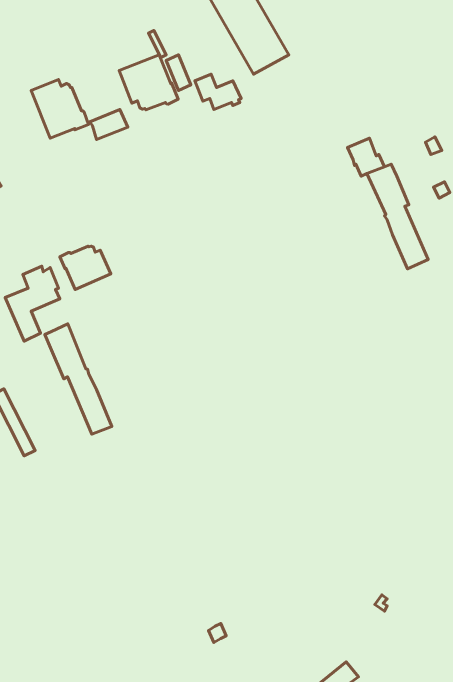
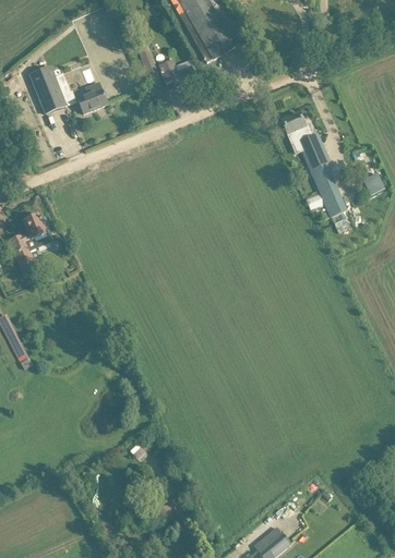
building: [119,55,178,110] -> none
building: [60,246,111,289] -> none
building: [45,324,112,434] -> none

